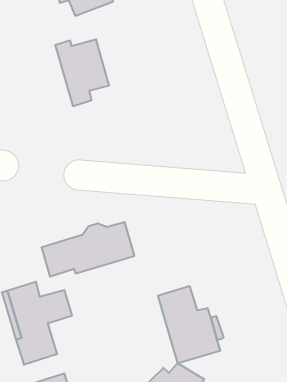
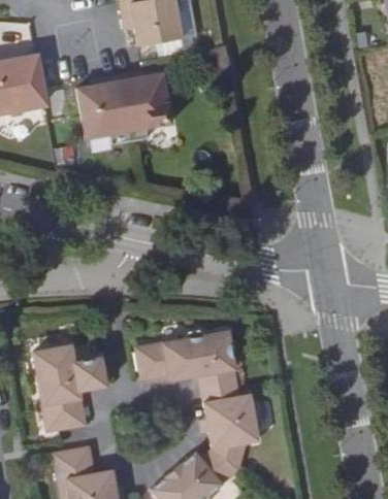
building: none -> [78,92,131,162]
building: [41,222,134,276] -> [135,326,233,376]

